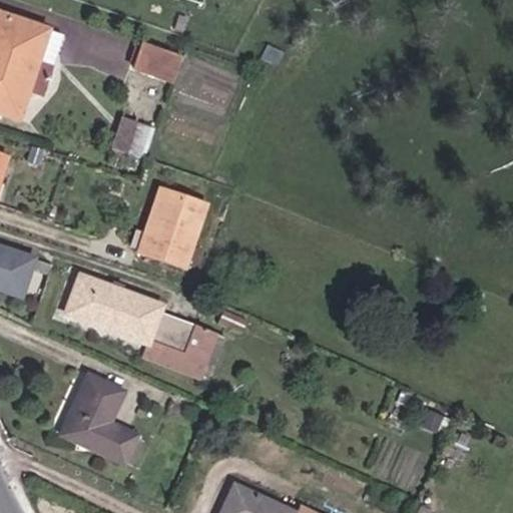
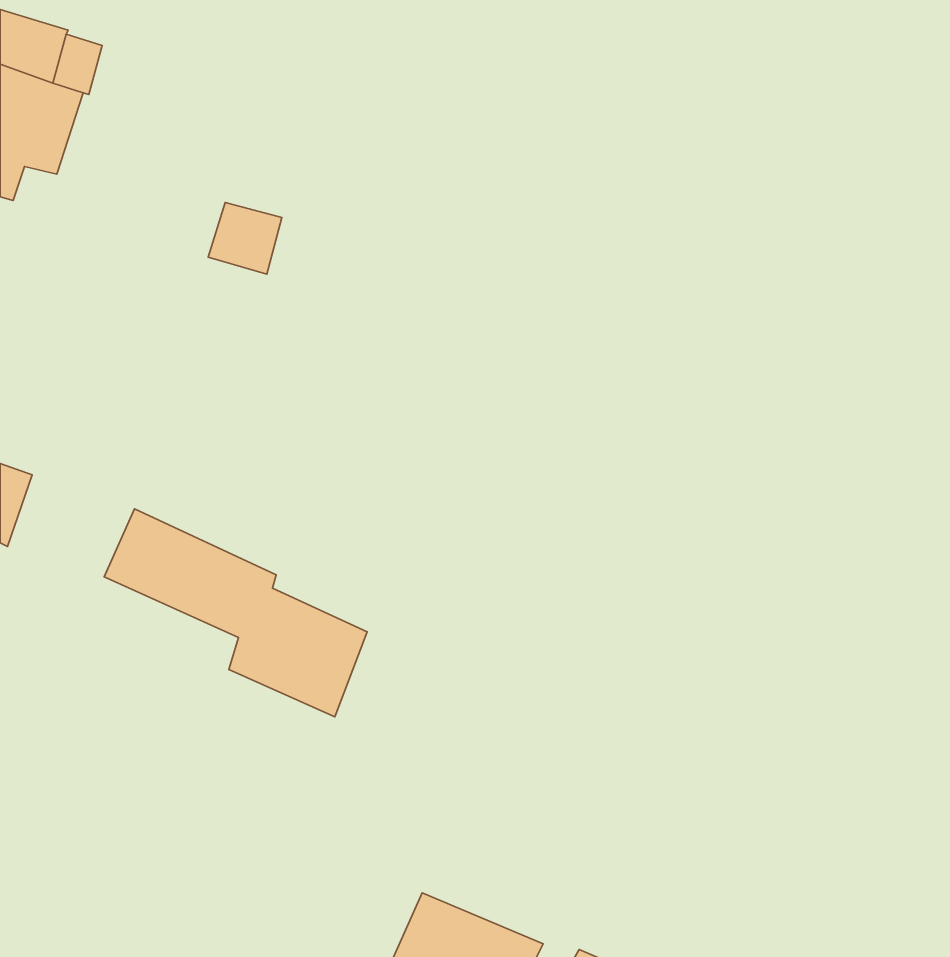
building: [137,35,180,71] -> none
building: [141,190,206,265] -> none
building: [56,374,131,460] -> none

